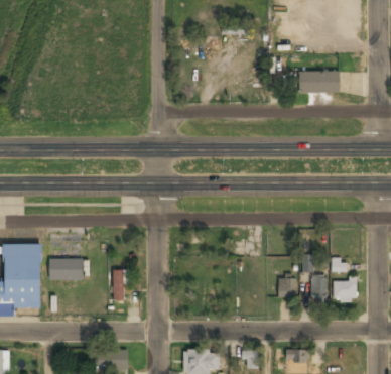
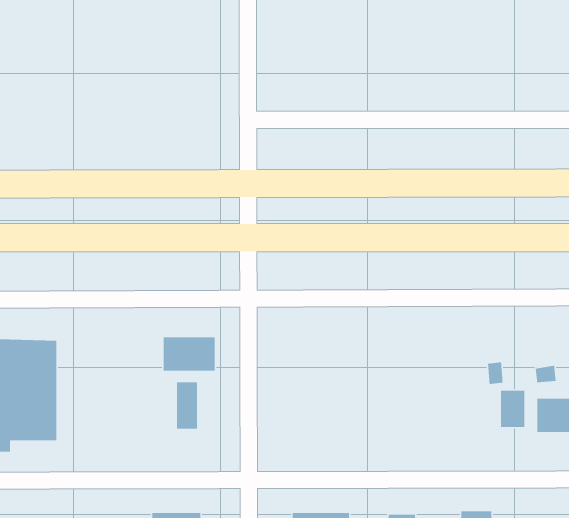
building: [300,71,340,92] -> none
building: [51,258,84,279] -> [163,337,216,371]
building: [279,276,297,296] -> none

